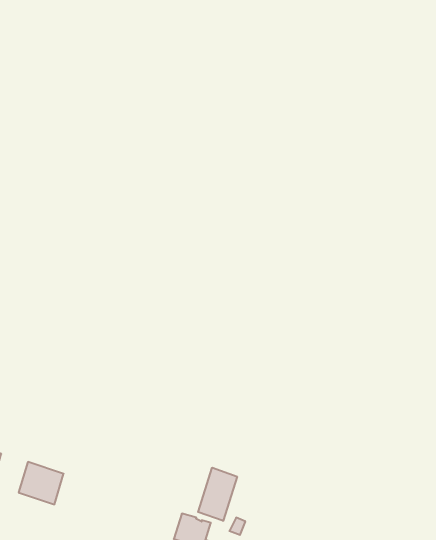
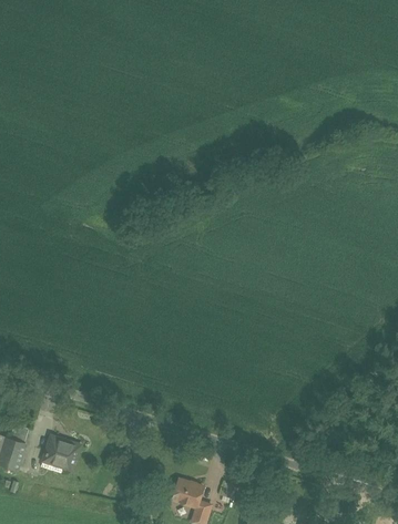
building: [198,468,237,521] -> none

